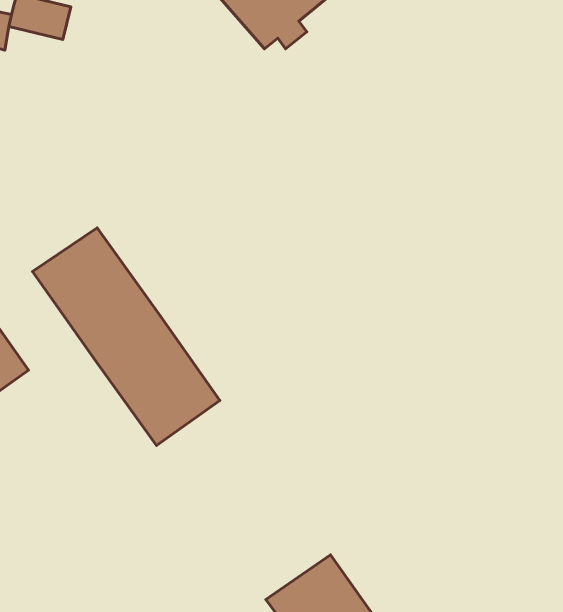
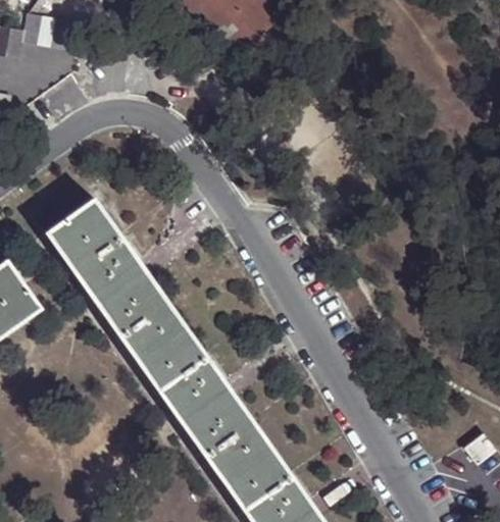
building: none -> [140,331,274,485]

